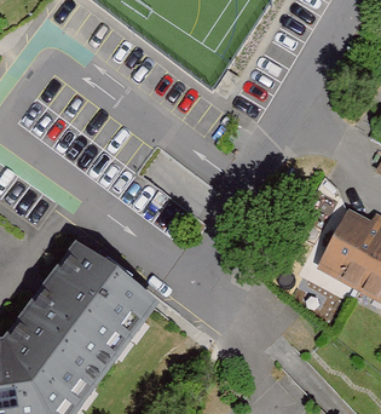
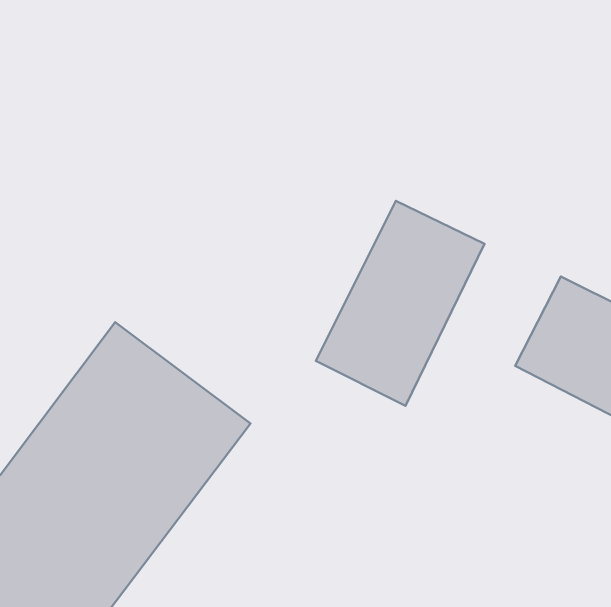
building: none -> [316,201,485,406]

